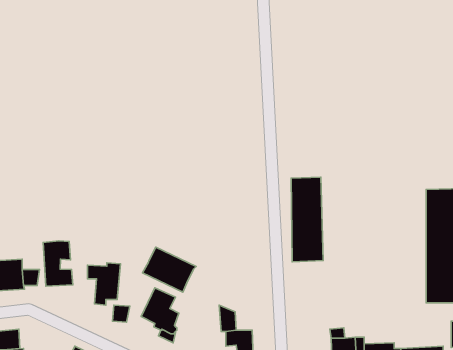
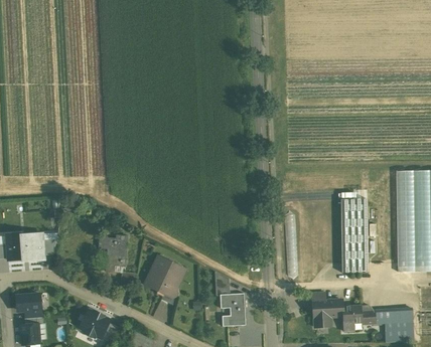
building: [291,177,323,262] -> [340,198,369,273]
building: [43,241,73,286] -> none
building: [143,247,196,292] -> none

